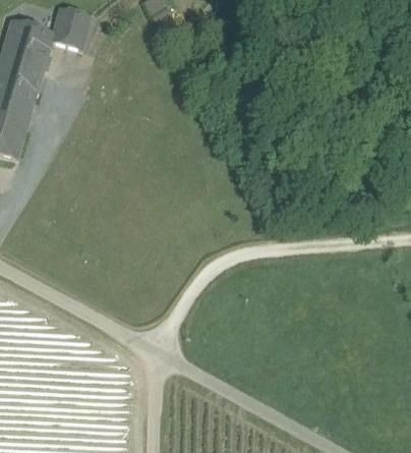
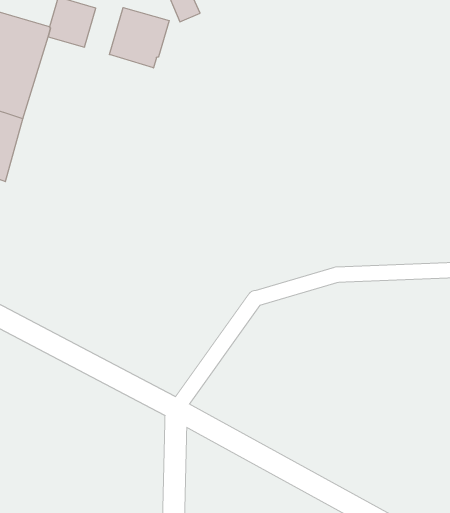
building: none -> [109,8,169,68]

